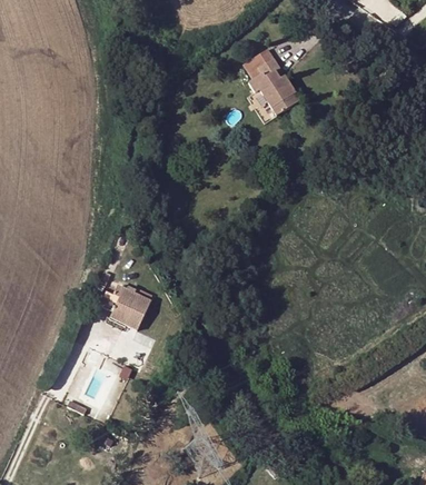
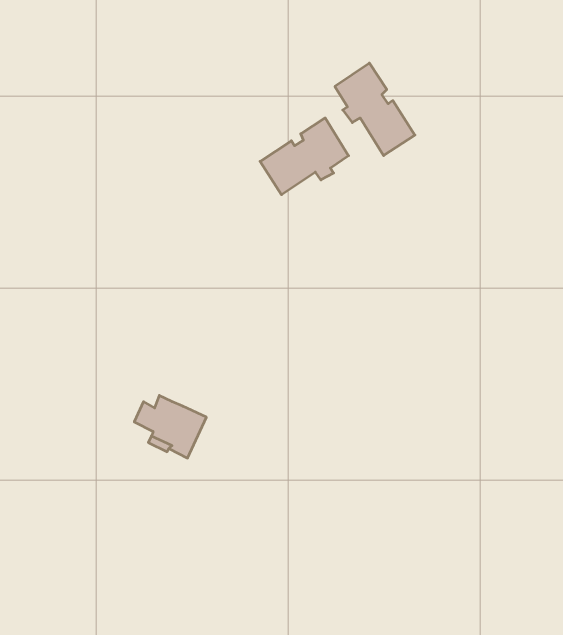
building: none -> [260,118,349,195]

